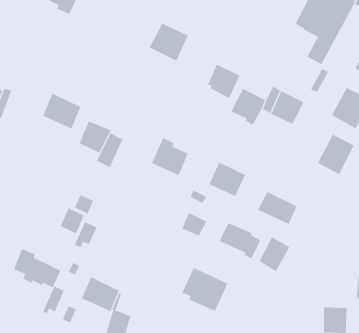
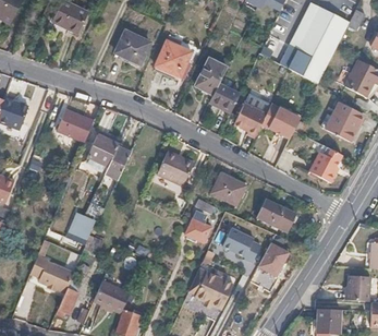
building: none -> [113,31,147,62]
building: none -> [281,43,312,73]
building: none -> [195,55,227,92]

